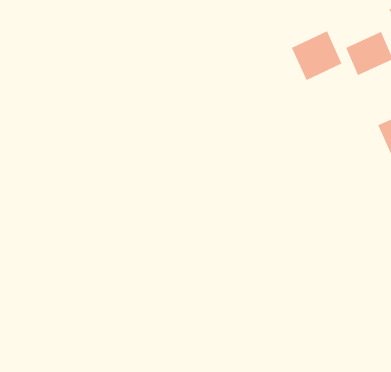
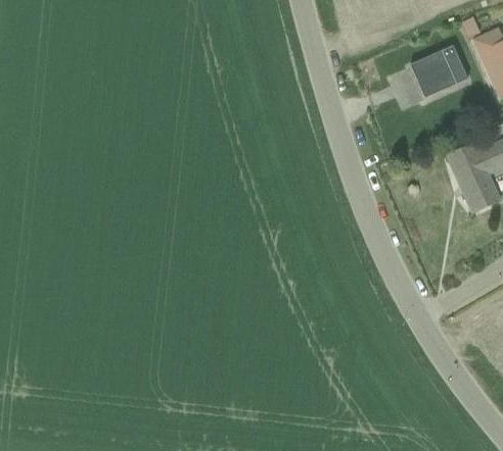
building: [291,30,343,81] -> none

